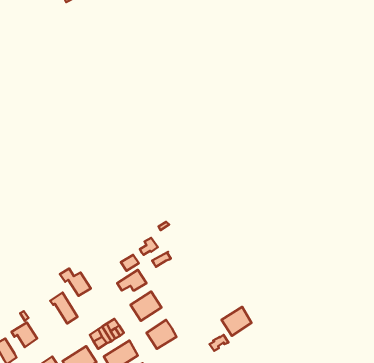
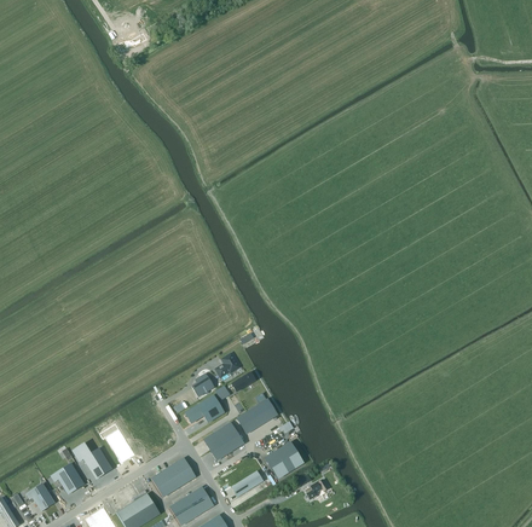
building: [60,269,91,296] -> [71,444,111,479]
building: none -> [236,399,277,434]
building: [221,307,252,336] -> [264,441,302,479]

